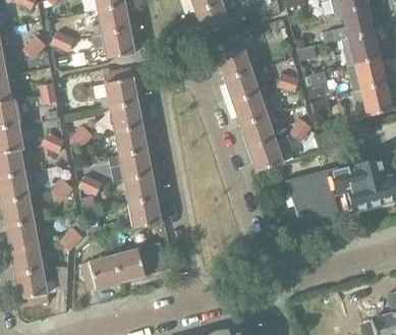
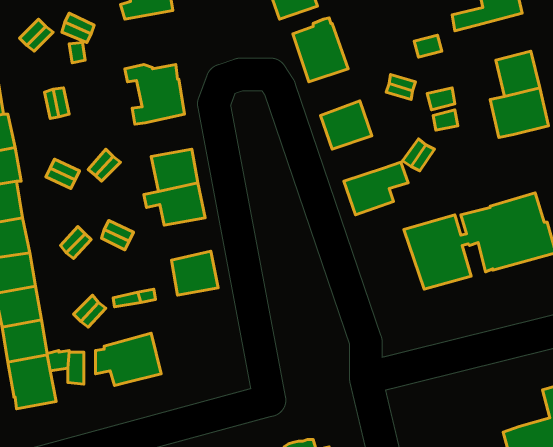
building: [92,29,134,58] -> none
building: [341,31,379,64] -> none
building: [224,69,260,102] -> none
building: [110,101,143,130] -> none
building: [240,116,276,148] -> none
building: [123,173,156,203] -> none
building: [114,242,165,282] -> none

